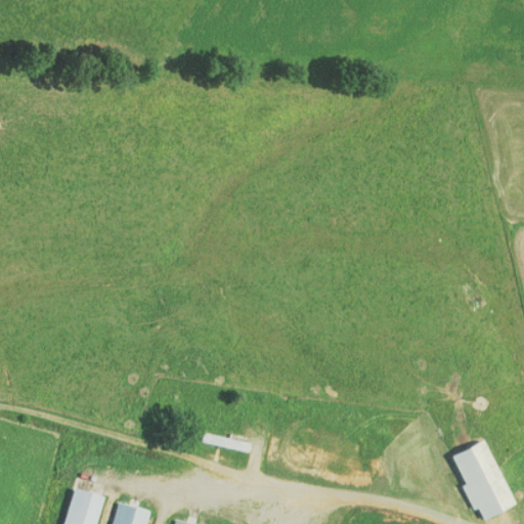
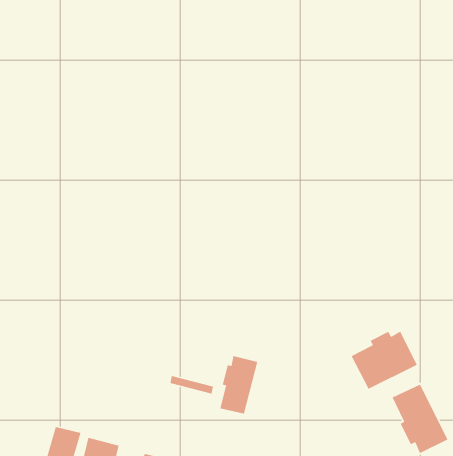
building: none -> [351,330,418,390]
building: none -> [219,355,258,415]

